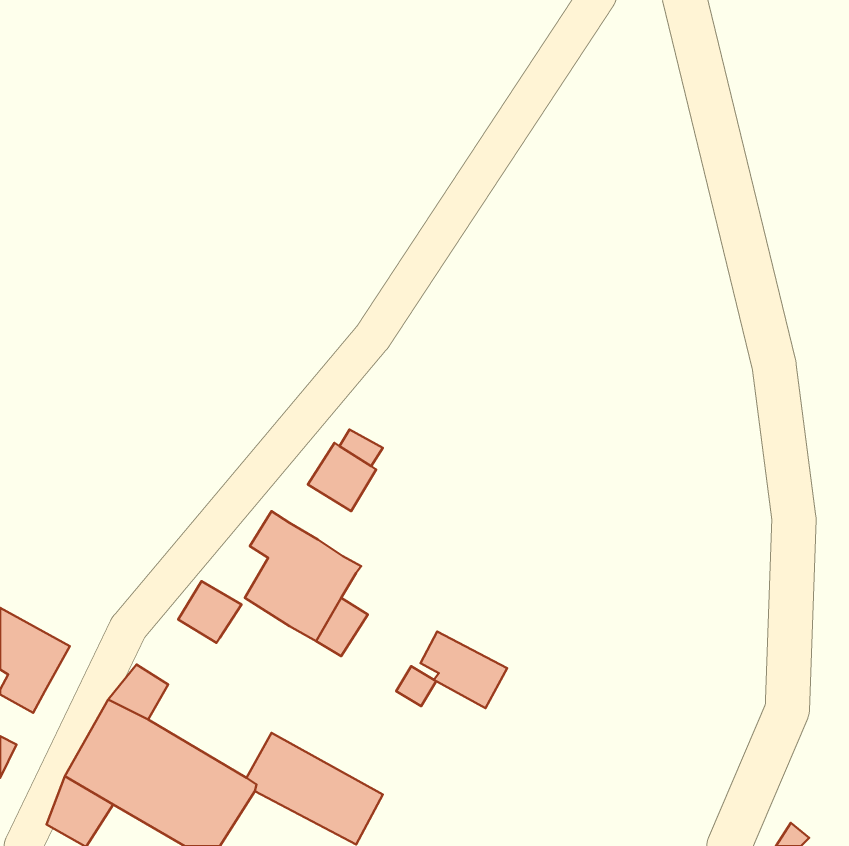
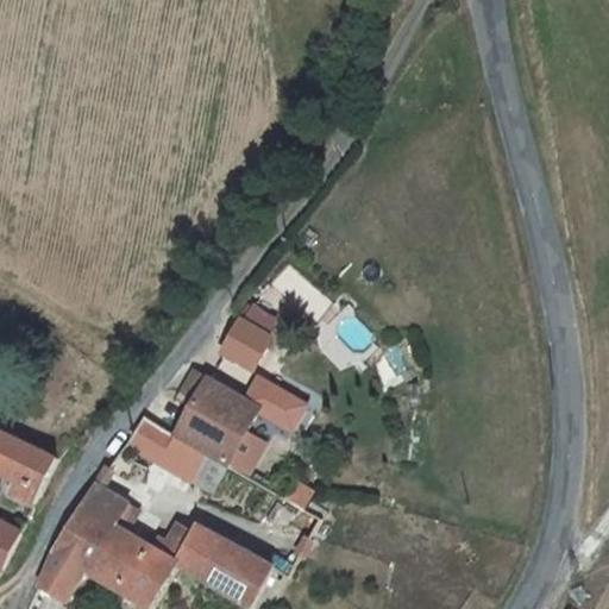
building: none -> [158,427,208,476]
building: [420,631,507,708] -> [246,375,308,429]

